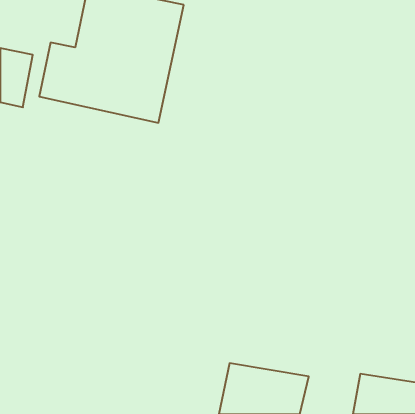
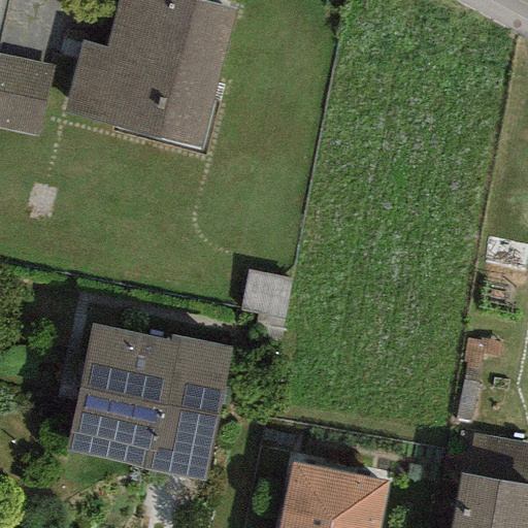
building: none -> [70,322,236,480]

